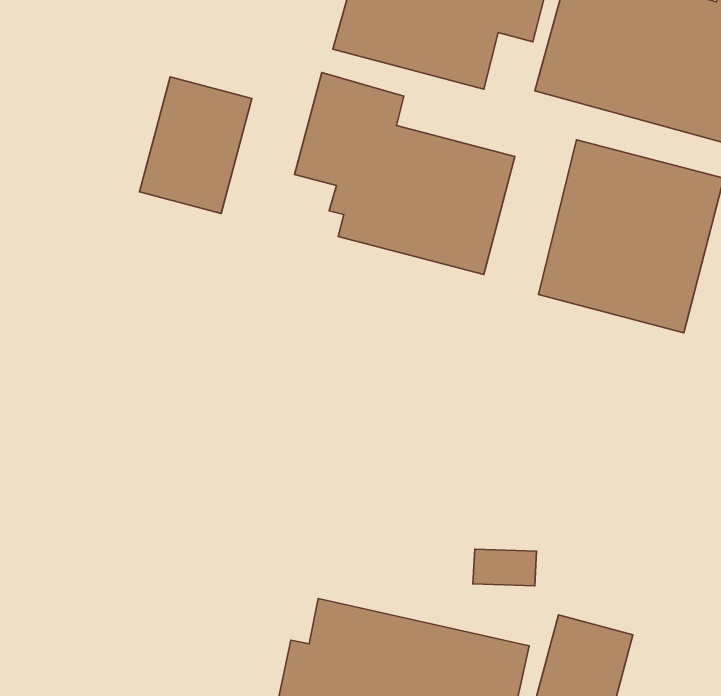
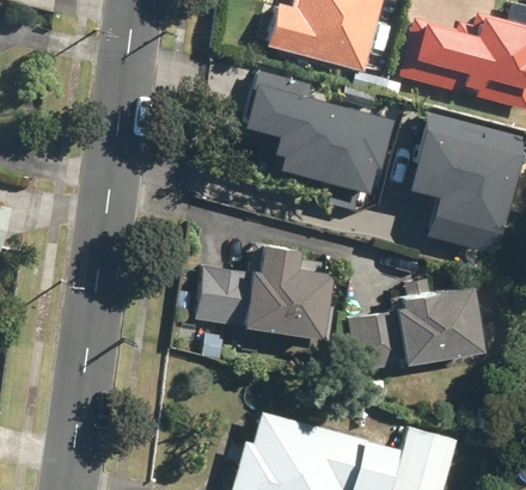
building: [139,77,252,213] -> none
building: none -> [183,245,341,343]
building: none -> [349,276,487,373]

